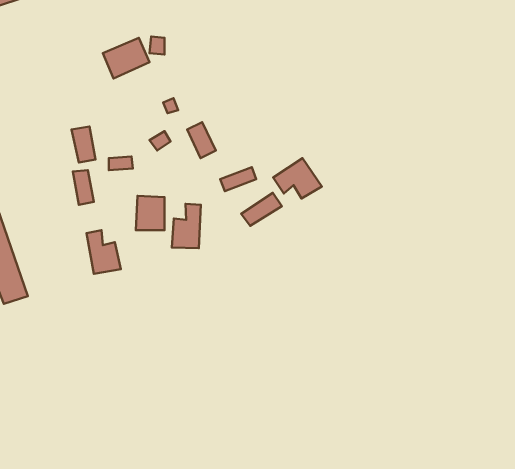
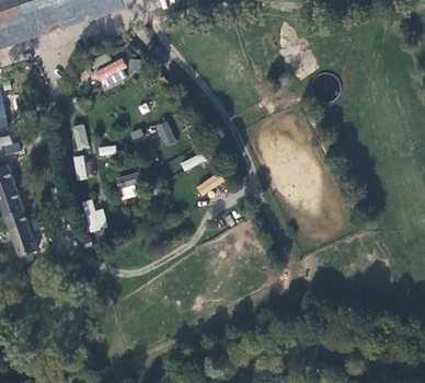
building: [273,158,322,198] -> none
building: [172,204,201,248] -> none

